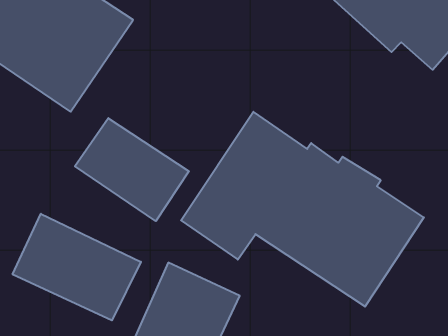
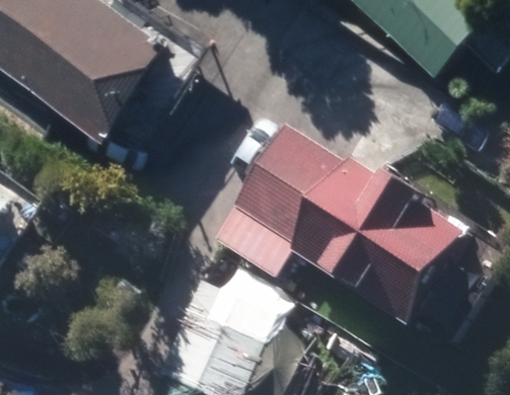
building: [75,118,189,221] -> none
building: [13,214,141,320] -> none

